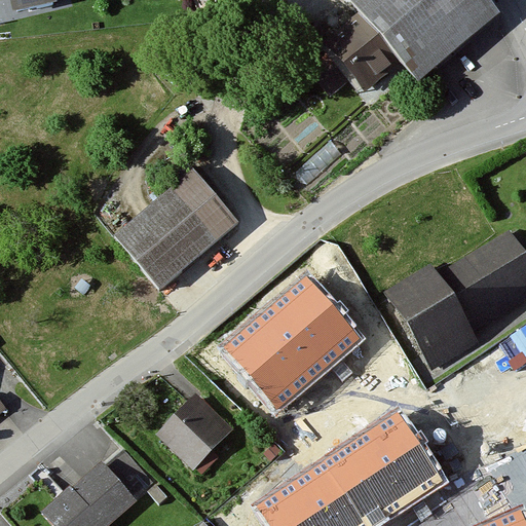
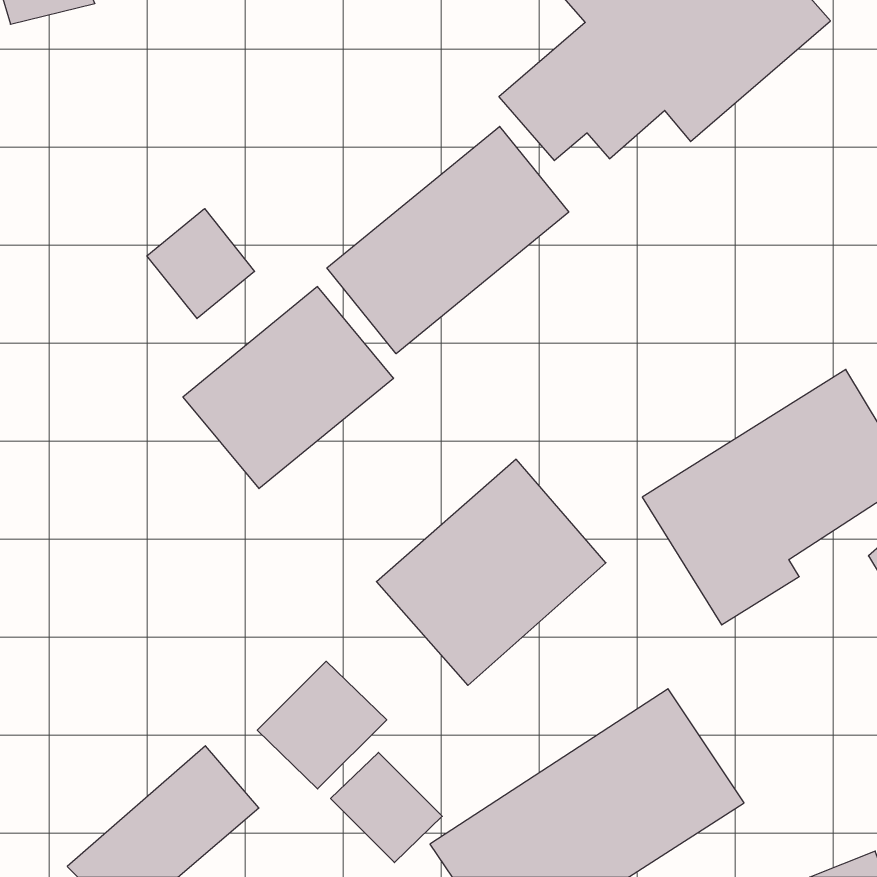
building: none -> [327,126,569,354]
building: none -> [147,209,255,319]
building: none -> [331,752,442,863]

